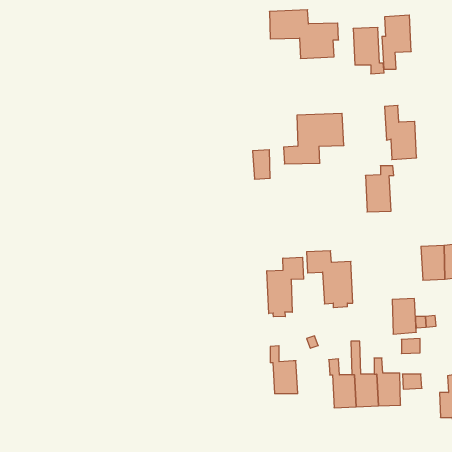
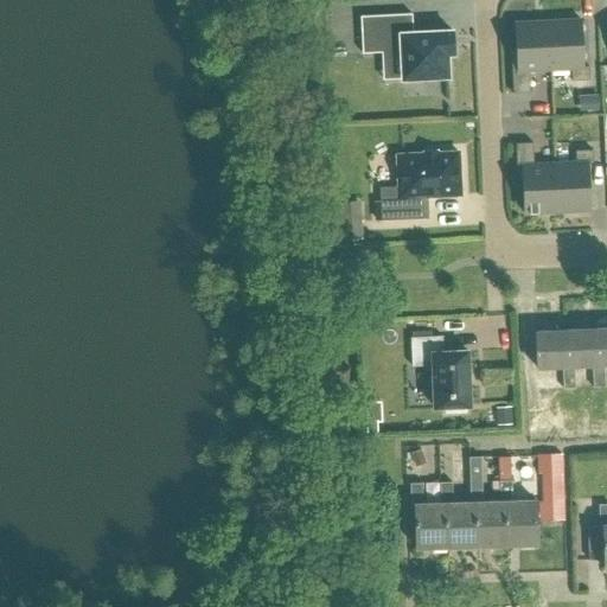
building: [353,28,384,74] -> [549,19,590,81]
building: [365,166,394,212] -> [556,149,594,211]
building: [267,257,304,317] -> none
building: [392,299,416,334] -> [535,330,567,377]
building: [270,346,298,394] -> [411,481,448,545]

